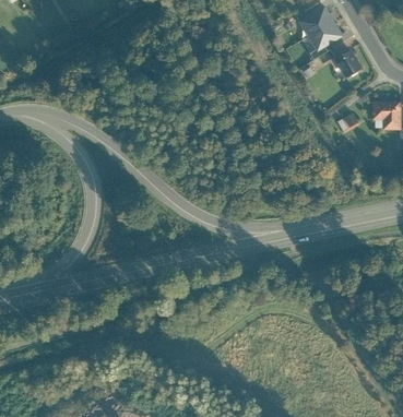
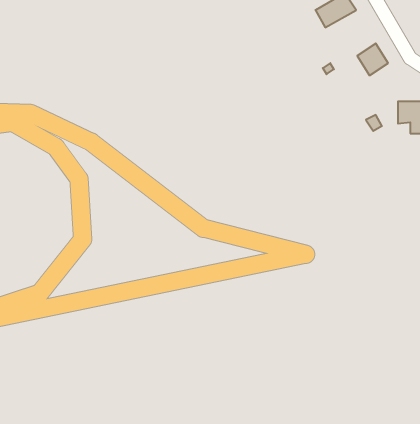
building: [307,21,343,51] -> none

